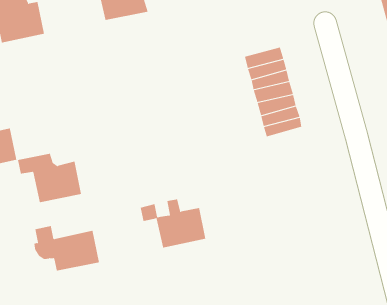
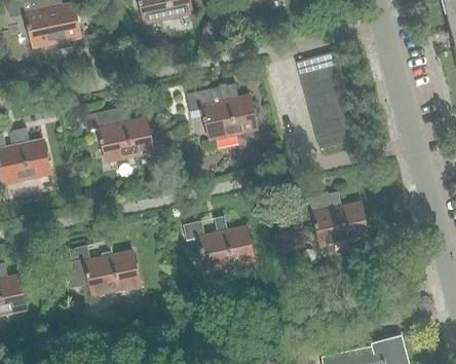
building: none -> [186,83,257,140]
building: [17,153,82,203] -> [83,108,153,161]
building: none -> [297,191,368,247]

